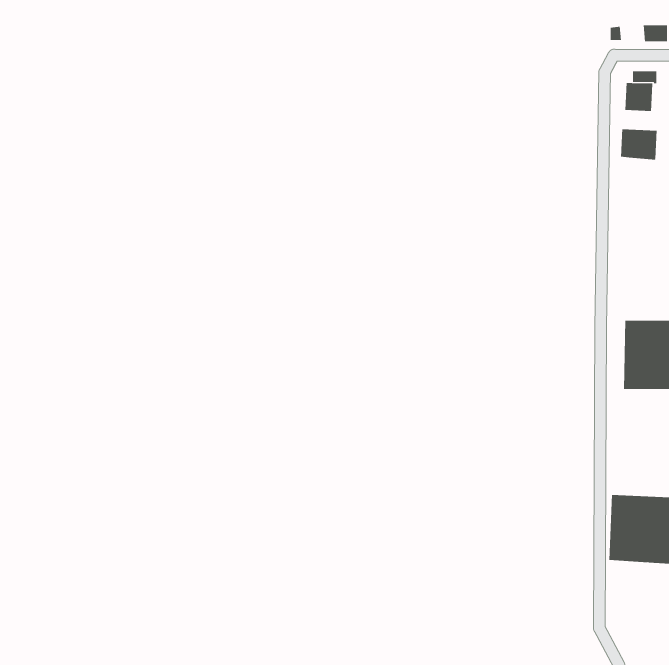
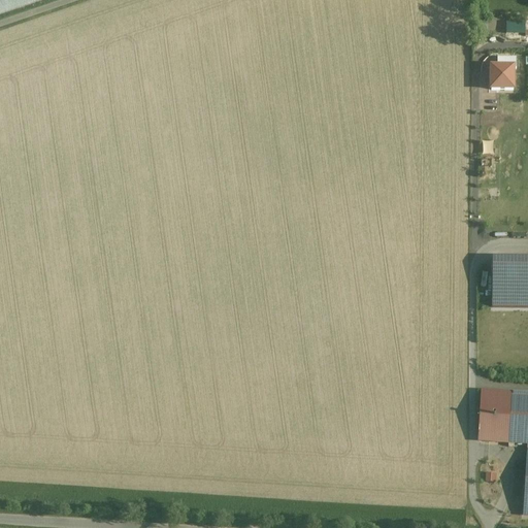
building: [620,128,657,160] -> none

